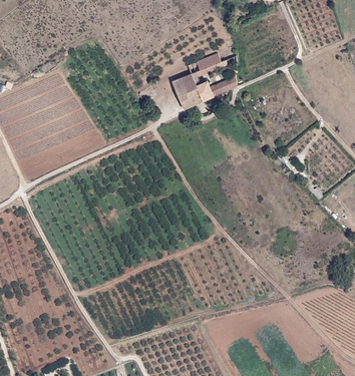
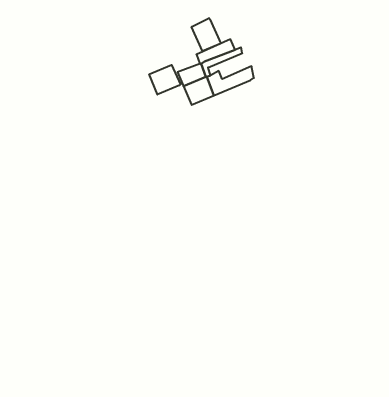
building: none -> [192,18,221,51]
building: none -> [149,65,181,95]

